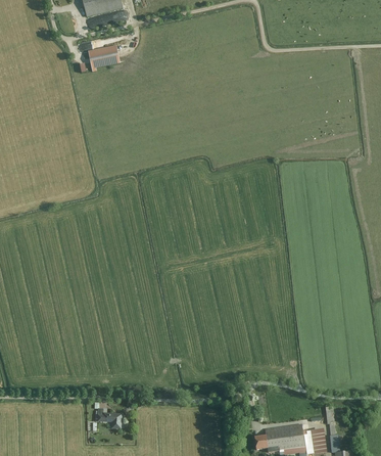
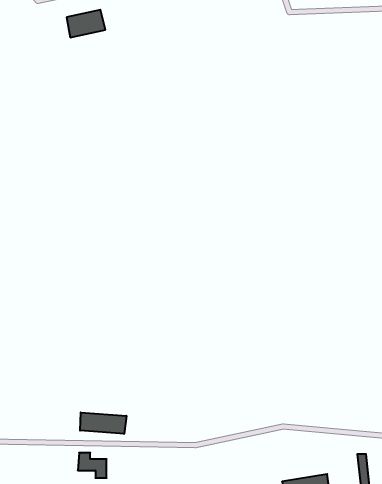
building: none -> [80,412,126,434]

